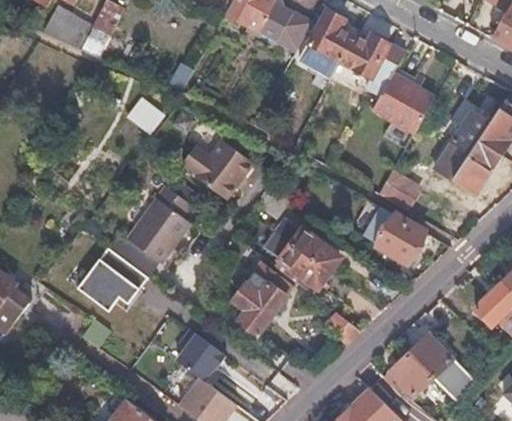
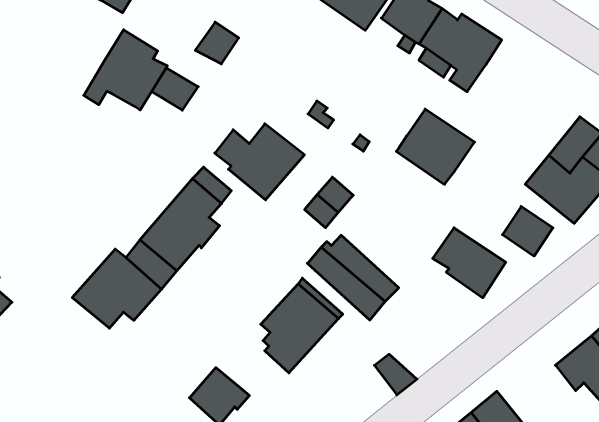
building: none -> [84,30,167,110]
building: [374,73,436,132] -> [396,109,475,184]
building: [380,171,420,210] -> [502,206,553,256]

